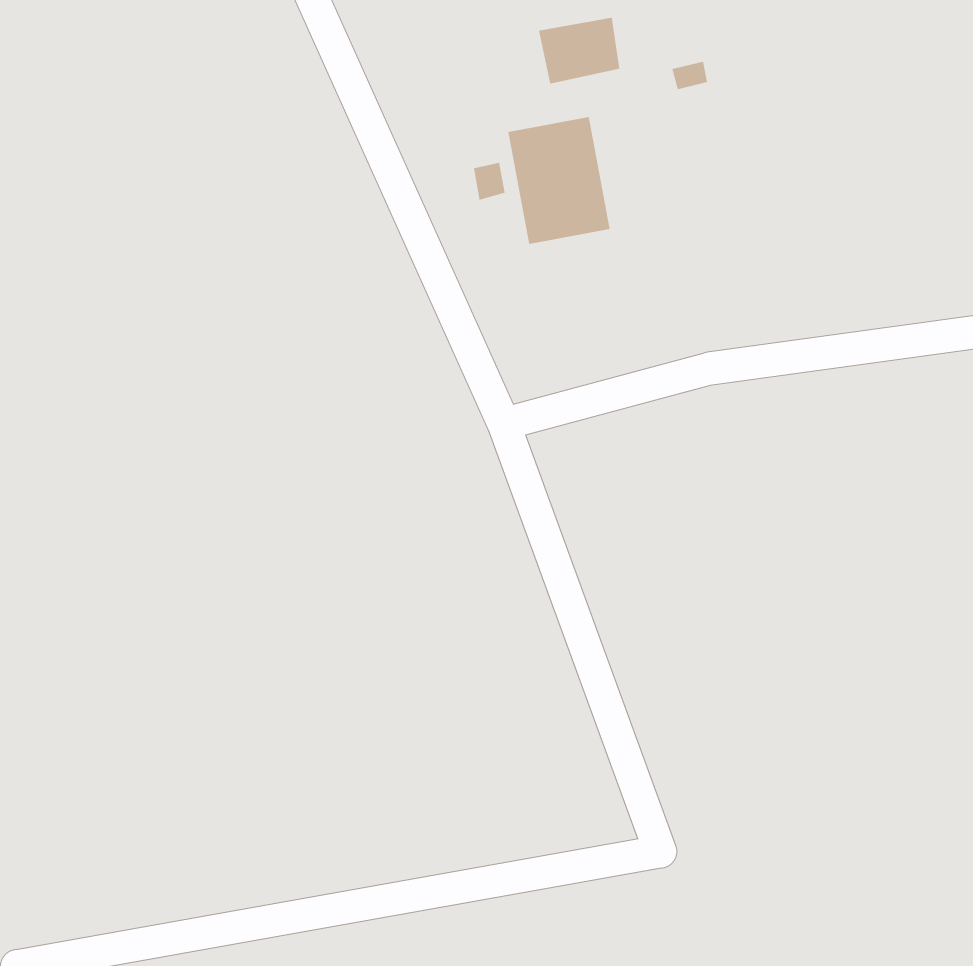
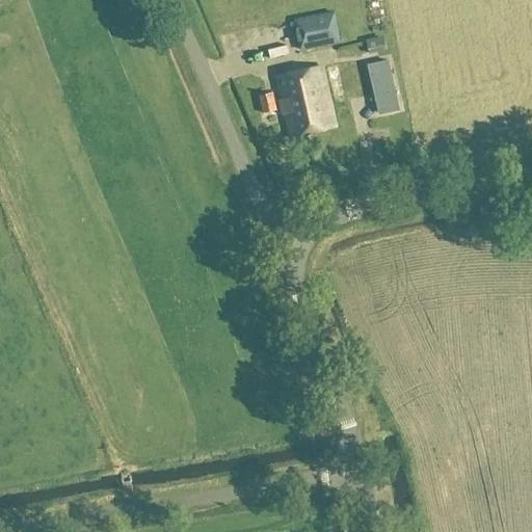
building: none -> [369,63,397,114]

